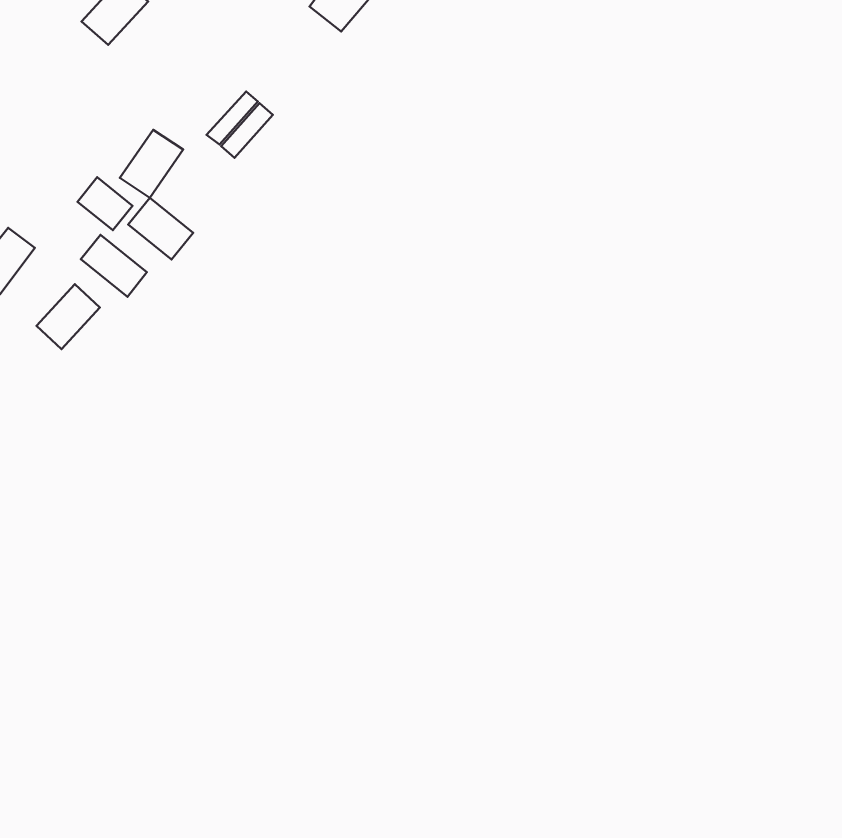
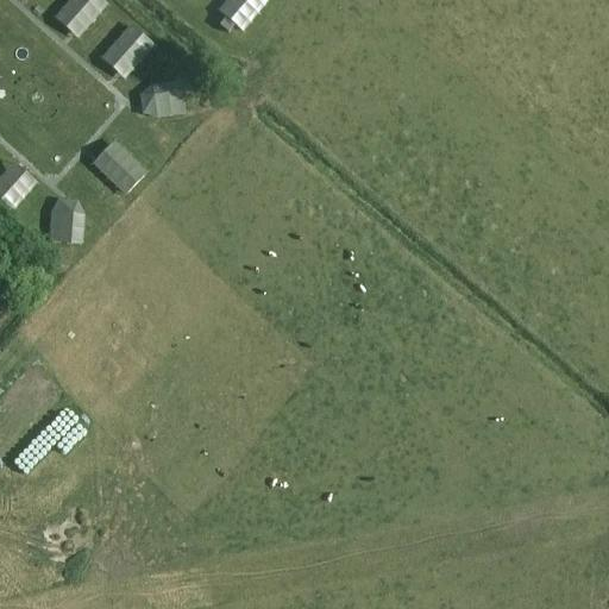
building: [120,130,183,198] -> [105,25,150,74]
building: [78,177,133,230] -> none
building: [81,235,147,297] -> none

